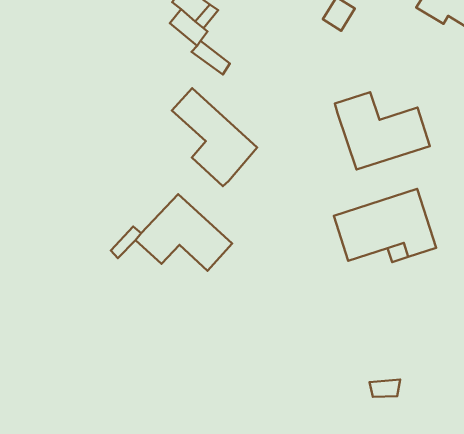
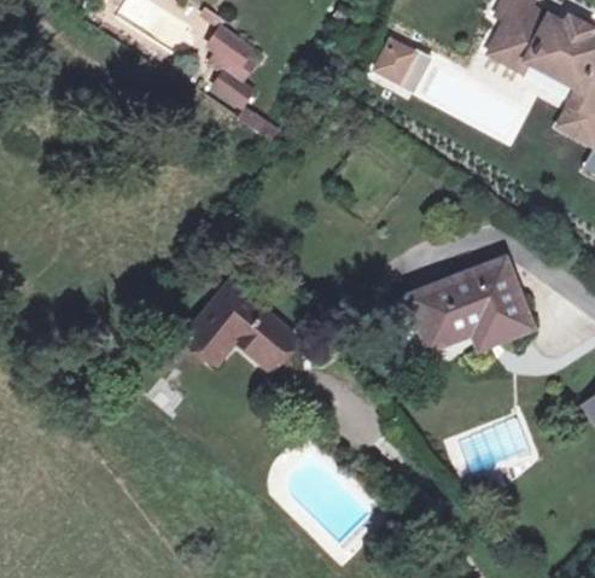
building: [172,88,257,186] -> none
building: [335,92,430,170] -> none

